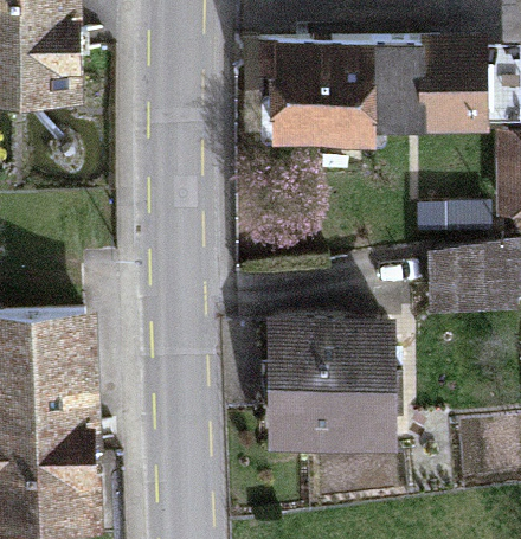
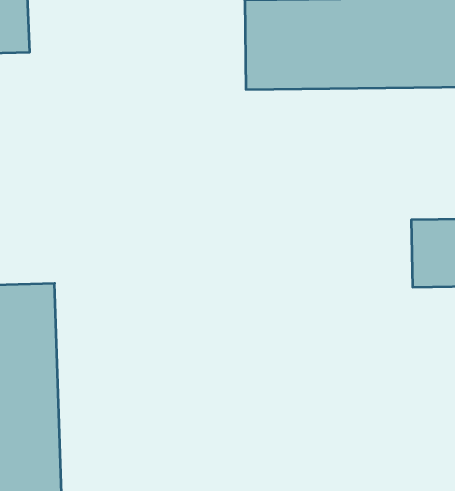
building: [276,317,394,434] -> none

